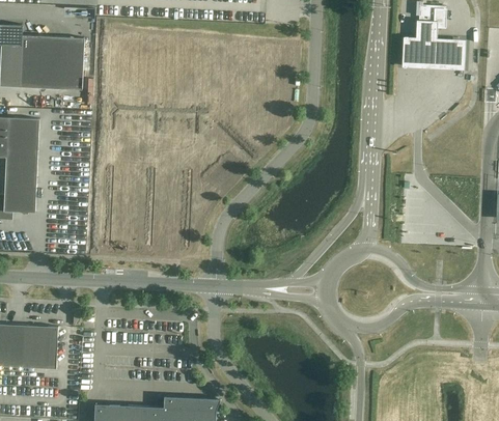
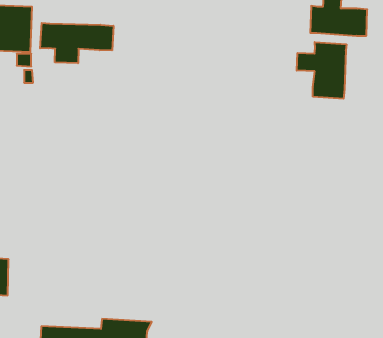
building: none -> [40,23,113,63]
building: none -> [297,42,346,99]

